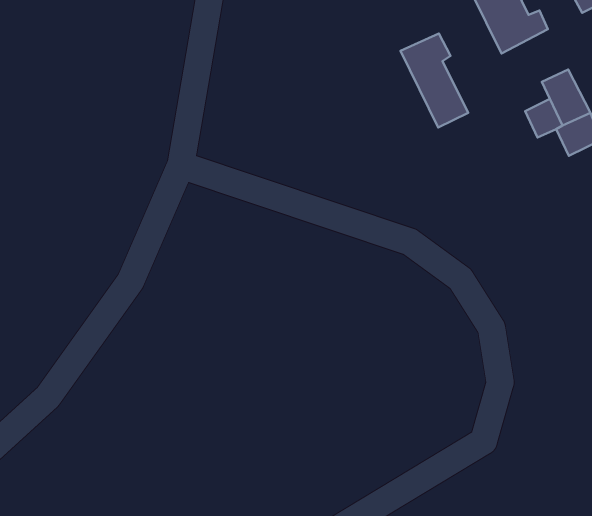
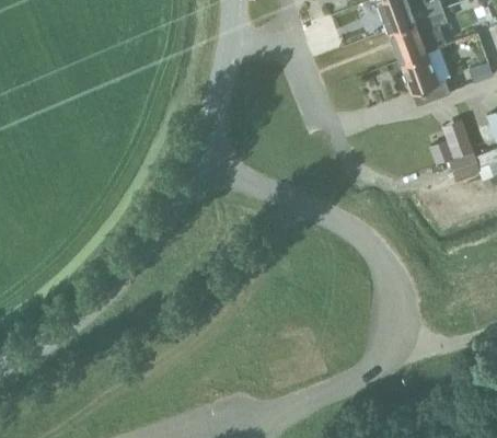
building: [400,33,468,128] -> none

